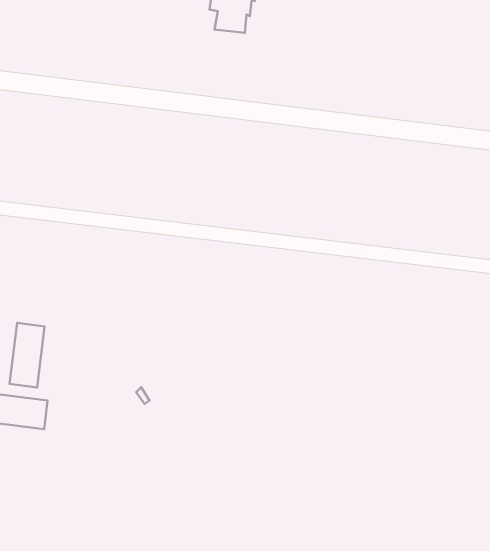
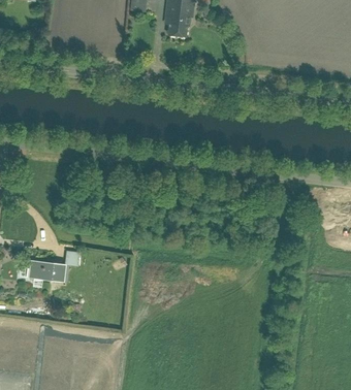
building: [9,323,45,388] -> none

